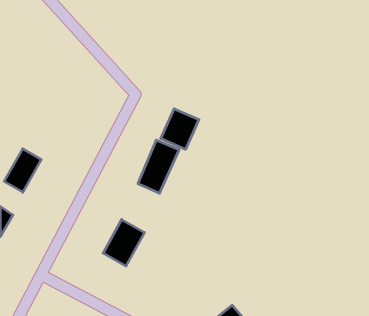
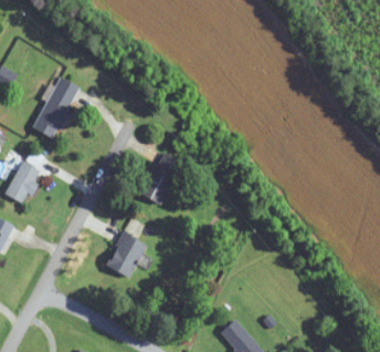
building: none -> [33,75,80,138]
building: [161,109,199,149] -> none

